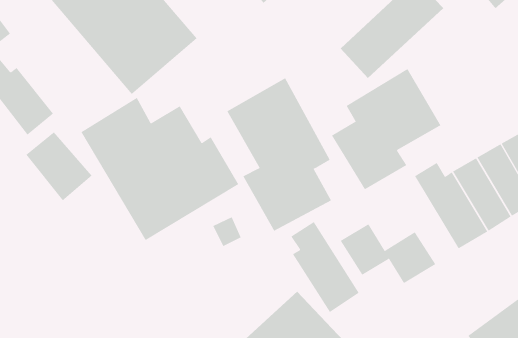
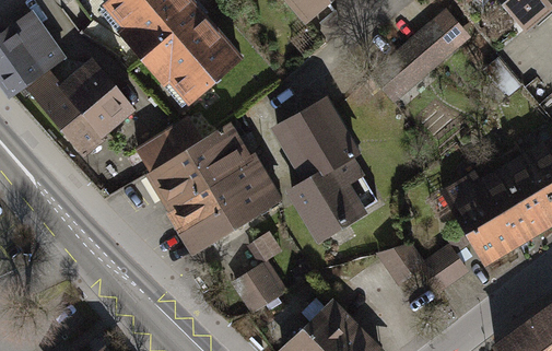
building: [331,68,441,190] -> none
building: [25,132,93,201] -> [71,66,134,131]
building: [291,221,359,313] -> none
building: none -> [230,262,282,312]

